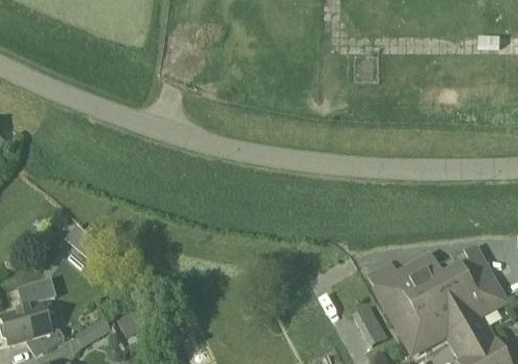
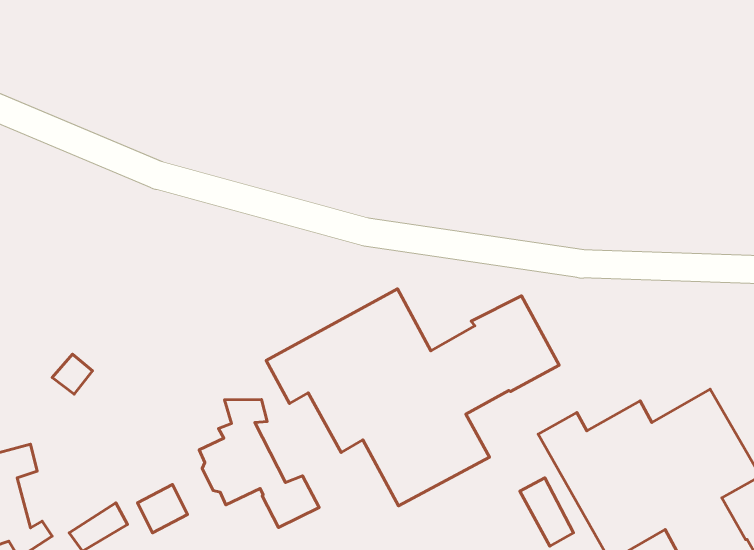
building: none -> [266,289,559,506]
building: none -> [199,400,319,528]

